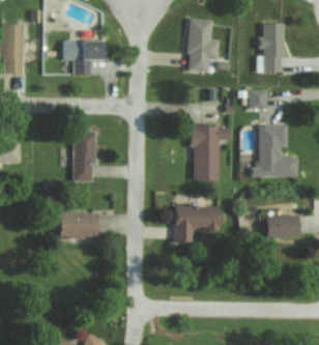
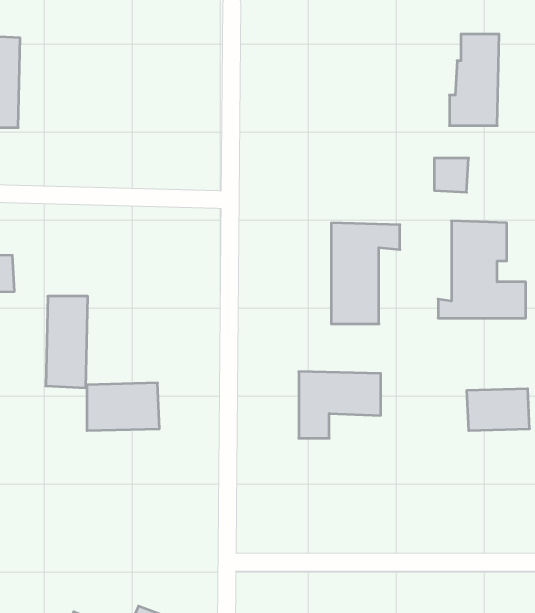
building: [185,19,218,71] -> none
building: [63,39,106,76] -> none
building: [71,132,94,181] -> [46,296,88,388]

